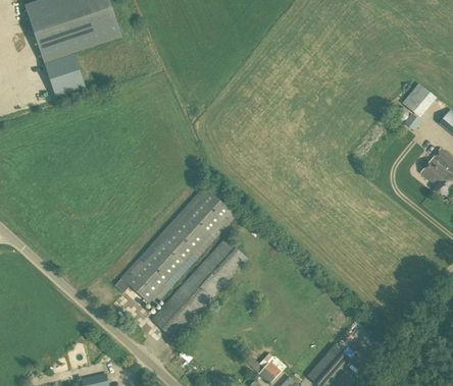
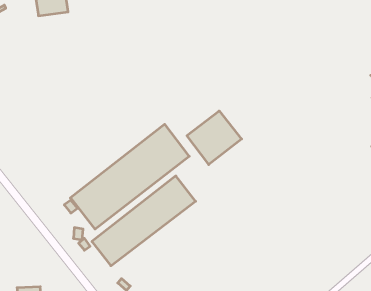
building: none -> [187,111,242,165]

